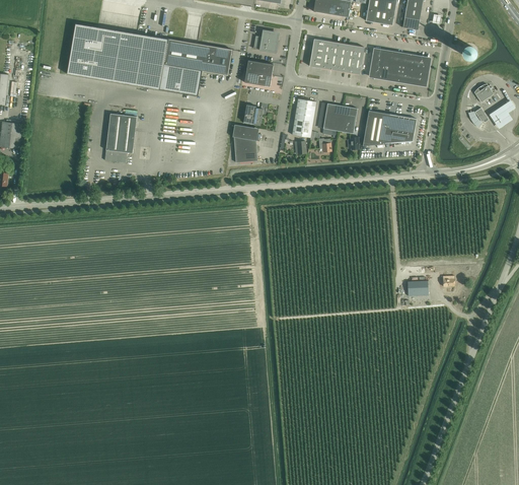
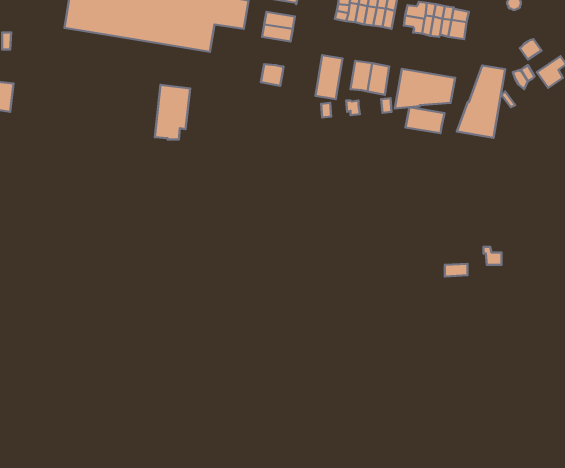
building: none -> [457,66,505,138]
building: [104,113,136,161] -> [155,85,190,139]
building: [232,124,257,161] -> none
building: none -> [406,107,445,133]

